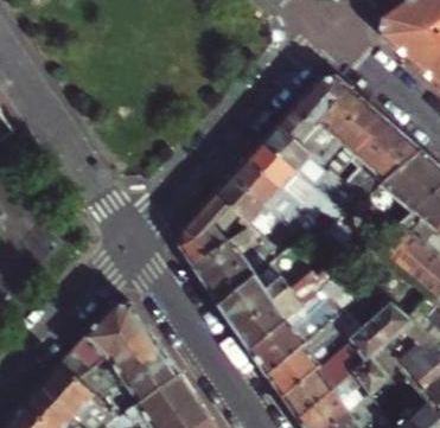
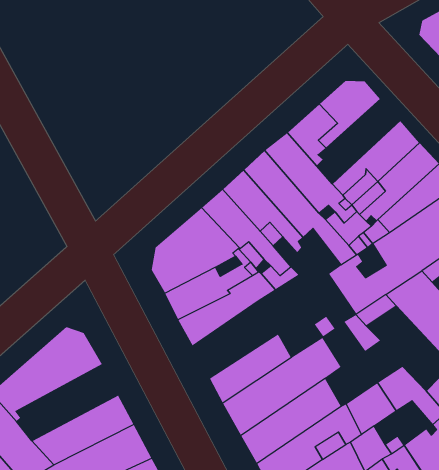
building: [306,89,370,162] -> none
building: [221,264,289,332] -> none
building: [83,330,165,398] -> none

